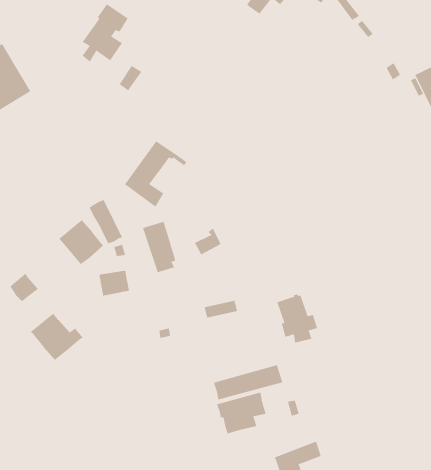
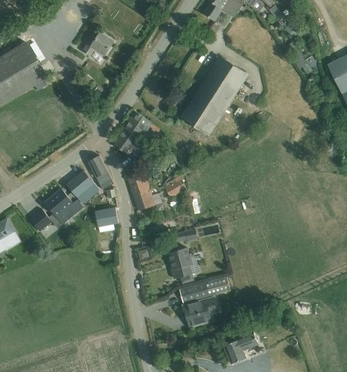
building: none -> [181,56,248,135]
building: [277,294,318,343] -> [168,246,198,282]
building: [30,313,83,361] -> [44,188,83,223]

